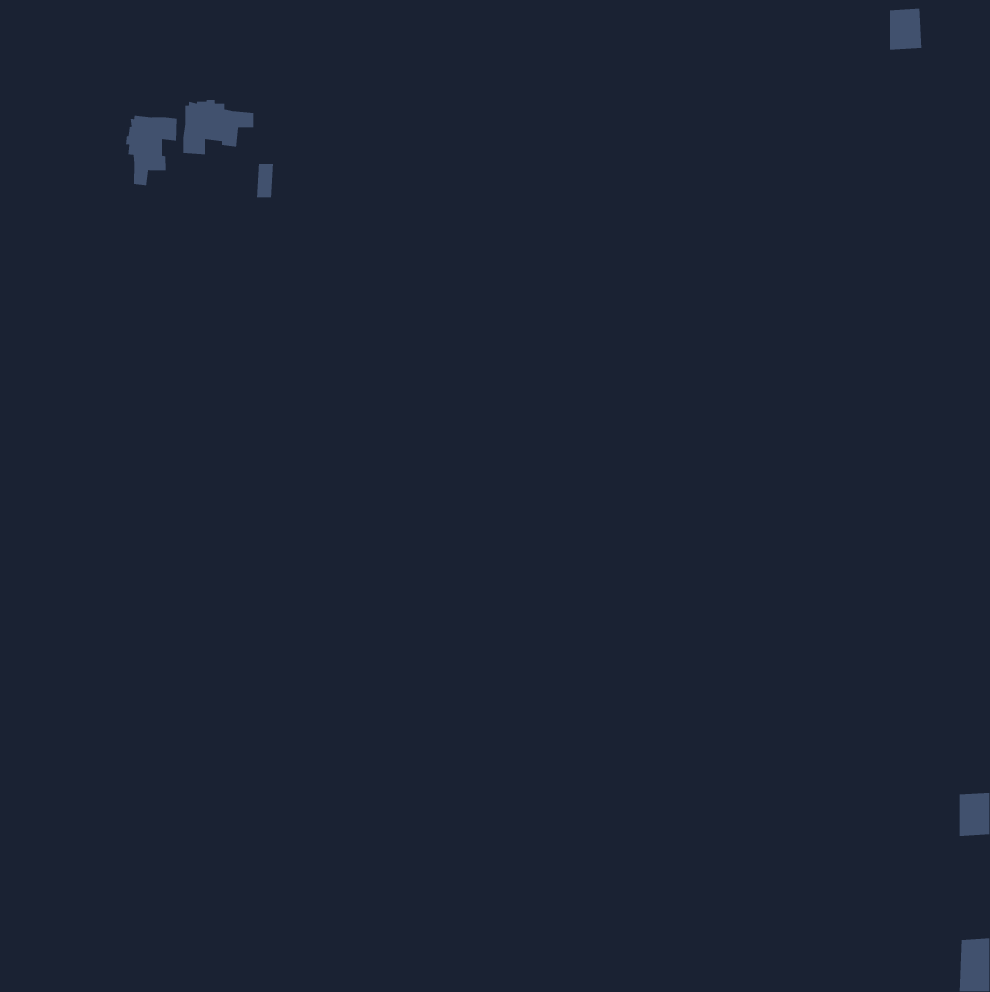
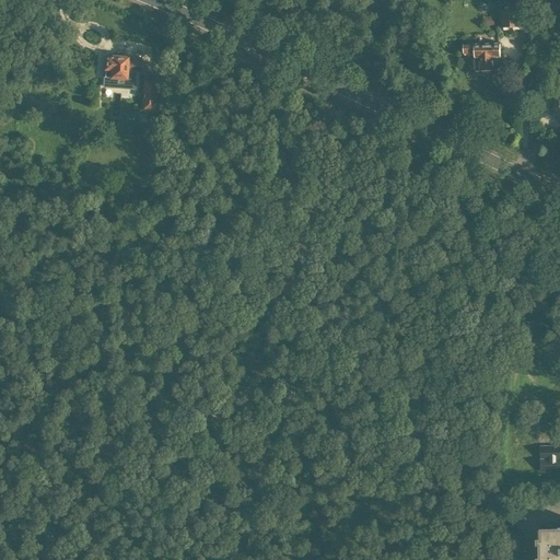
building: none -> [463,44,500,72]
building: [125,115,178,186] -> none

